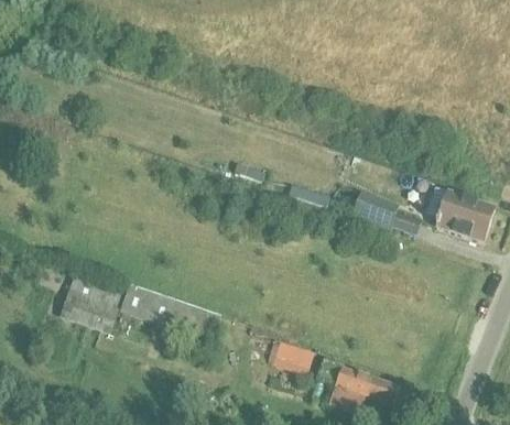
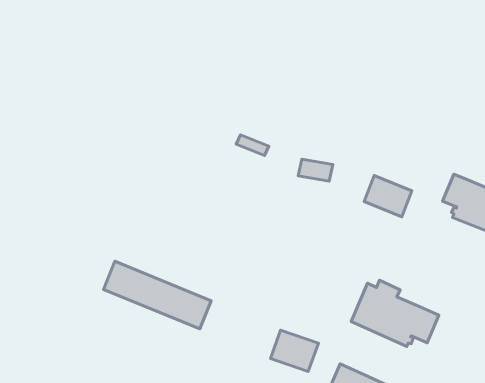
building: [58,273,123,331] -> none
building: none -> [351,280,439,347]

